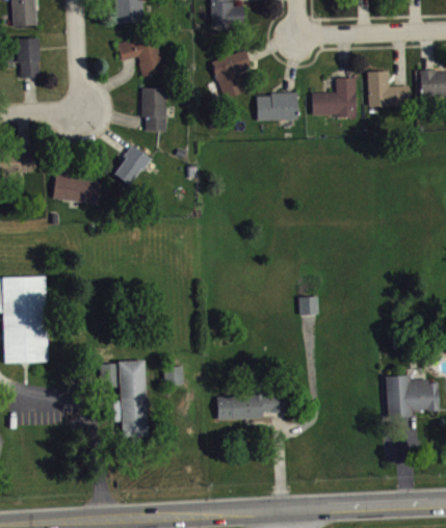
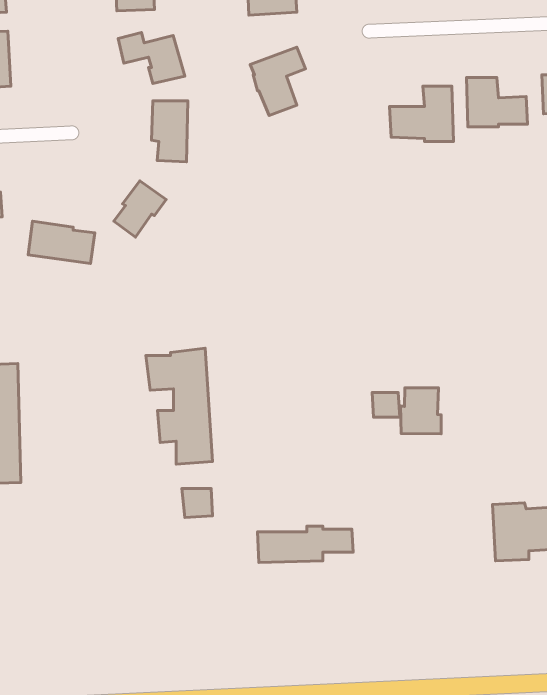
building: [256,93,298,121] -> none
building: none -> [401,388,441,434]
building: [100,360,148,443] -> [146,348,213,464]

